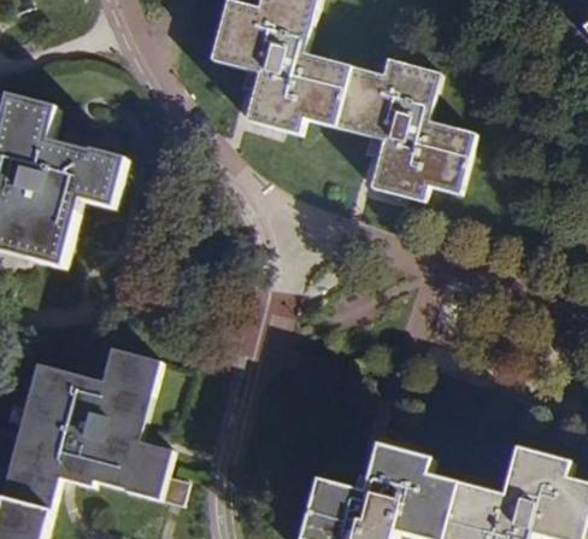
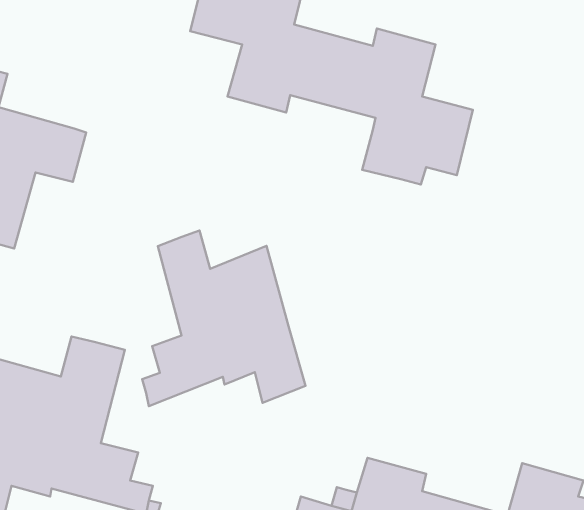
building: none -> [142,231,305,406]

